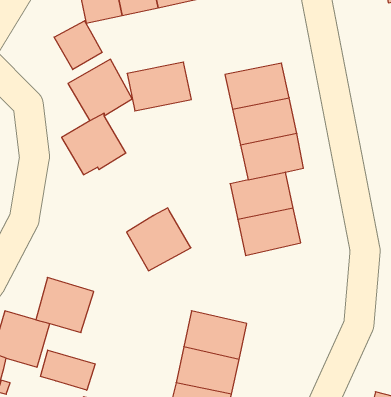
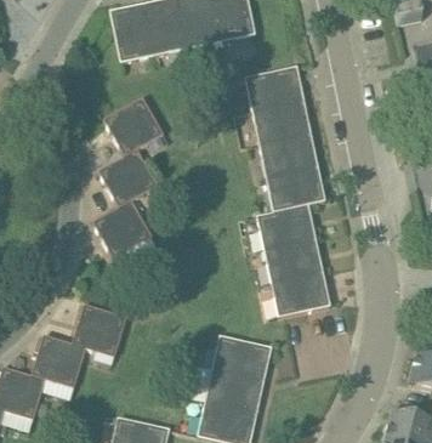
building: [54,21,102,70] -> none
building: [127,62,191,111] -> [244,64,305,110]
building: [127,208,191,271] -> [92,198,153,257]
building: none -> [271,269,330,316]
building: [41,350,95,390] -> none

